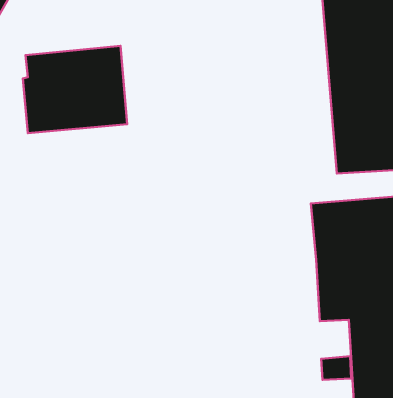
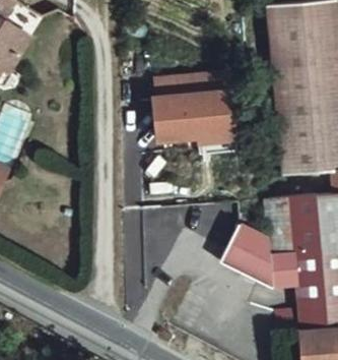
building: [23,46,127,133] -> [153,69,234,137]
building: none -> [221,225,272,289]

